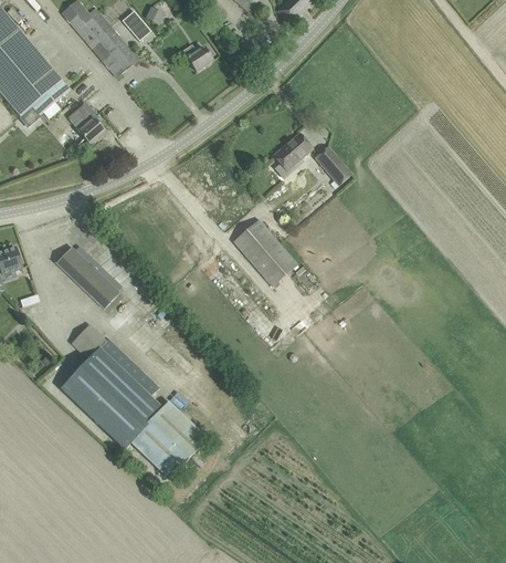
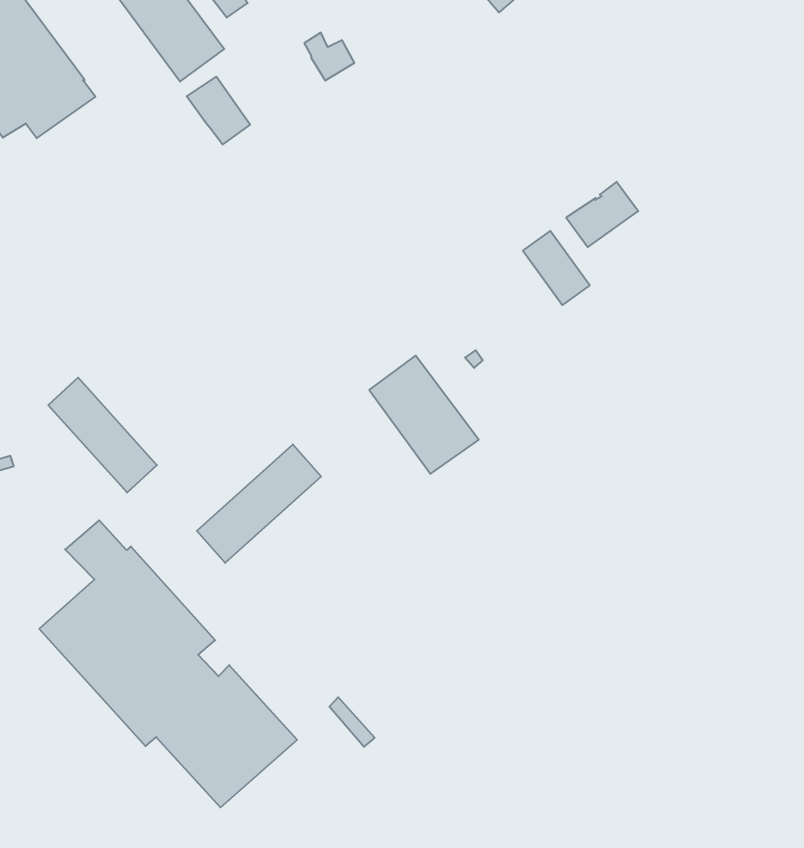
building: [66,104,103,142] -> [187,77,250,145]
building: [272,132,312,169] -> [566,182,638,247]
building: none -> [197,444,321,563]

